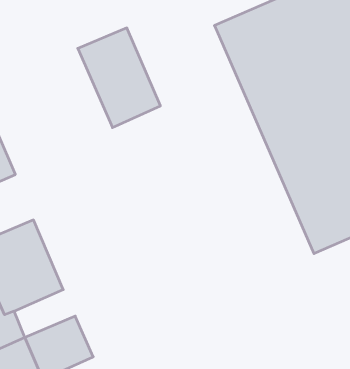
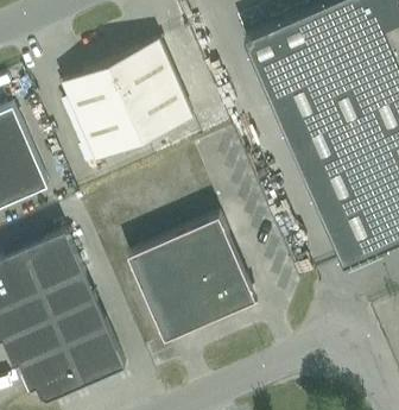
building: none -> [62,63,144,163]
building: none -> [126,216,251,342]
building: none -> [46,302,107,349]

